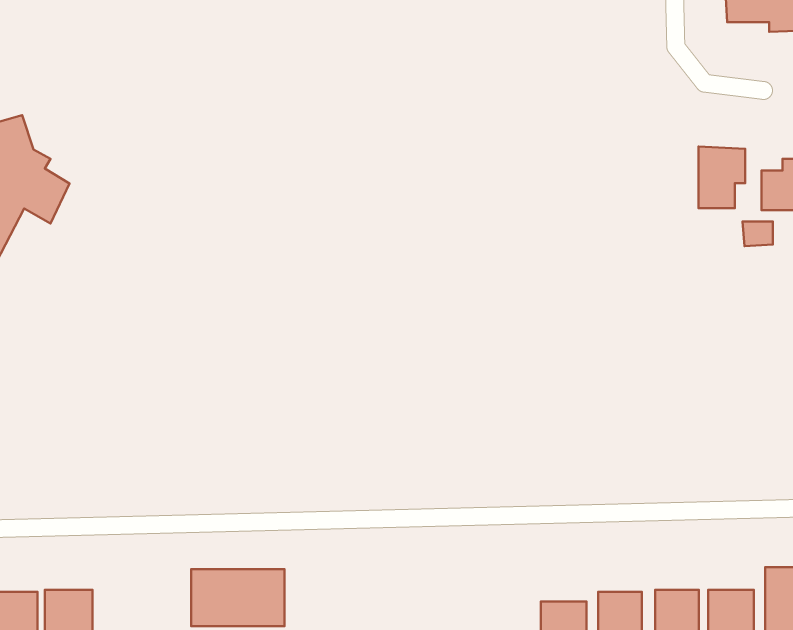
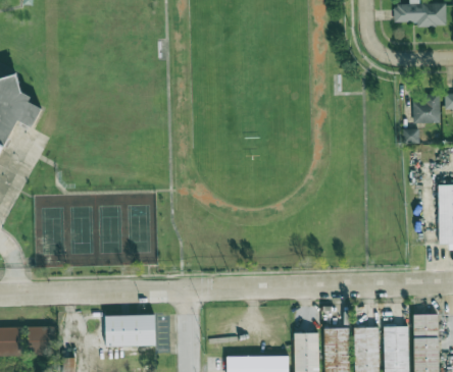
building: [698,146,745,208] -> none

